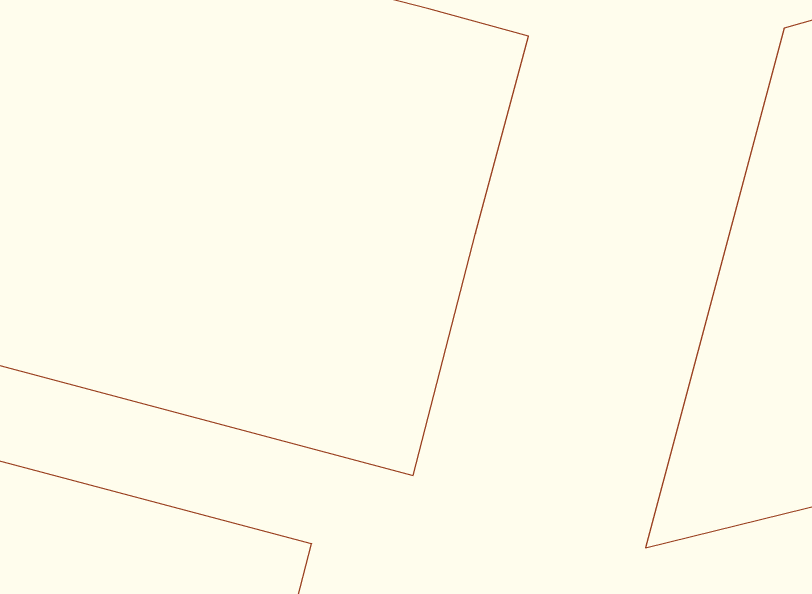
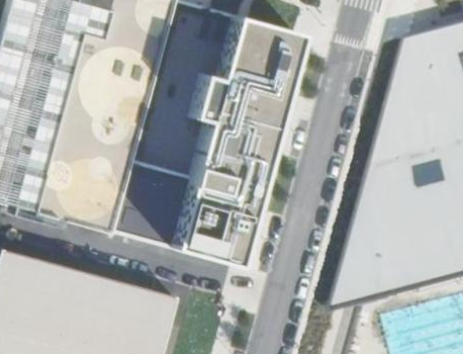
building: none -> [329,29,427,305]

